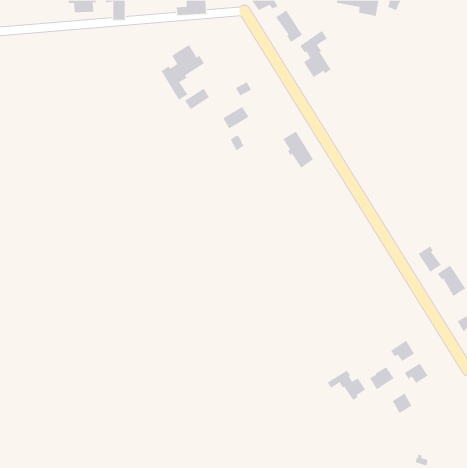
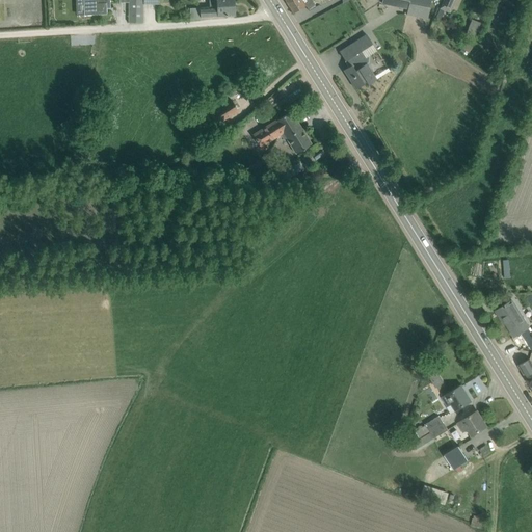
building: [275,9,303,43] -> none
building: [161,44,205,101] -> none
building: [283,131,314,168] -> [276,111,312,154]
building: [418,245,442,273] -> none
building: [327,370,366,401] -> none

